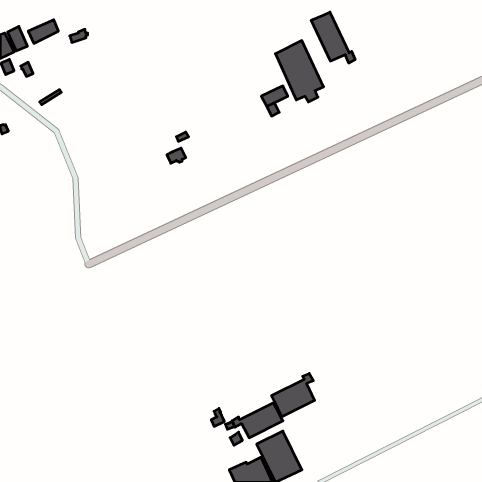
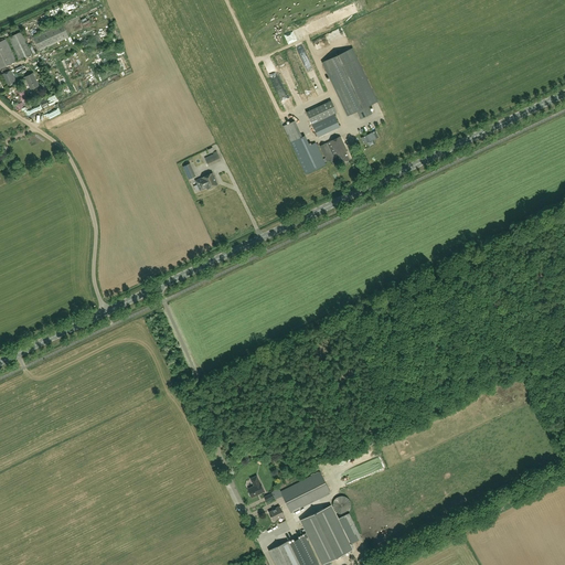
building: [311,12,355,63] -> none
building: none -> [284,121,350,174]
building: [272,373,315,417] -> none

